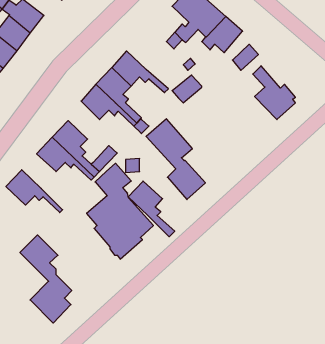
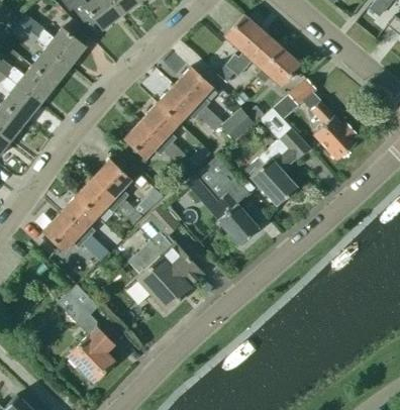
building: none -> [174,67,223,126]
building: none -> [251,108,310,205]
building: [128,181,175,237] -> [60,197,110,258]

